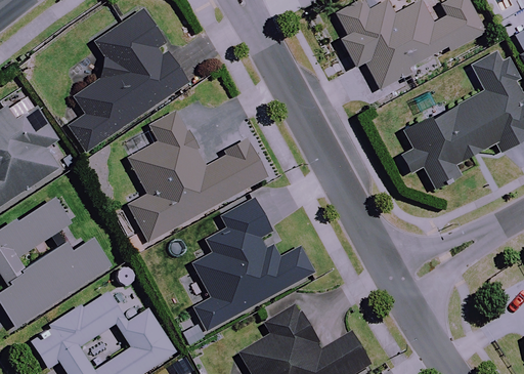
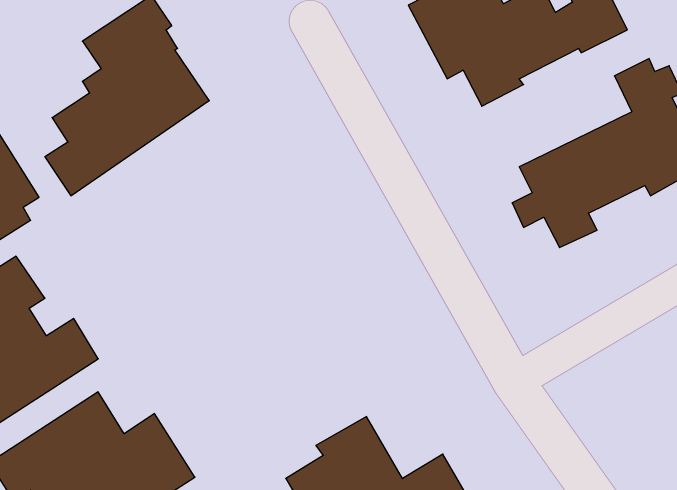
building: [128,110,266,241] -> none
building: [194,199,312,330] -> none

